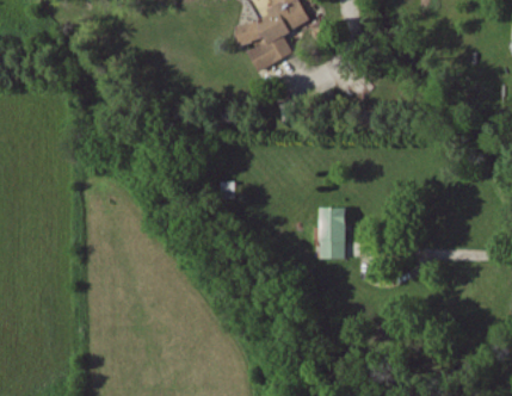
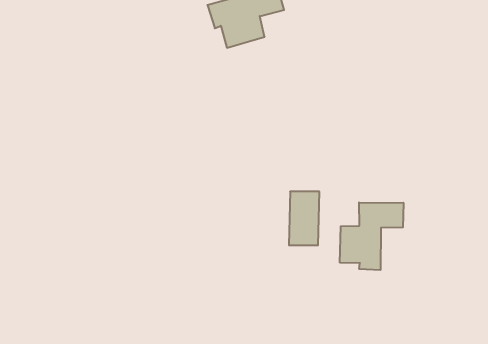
building: none -> [340,202,403,270]

